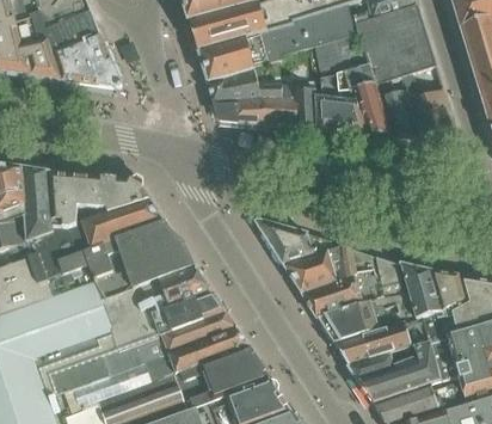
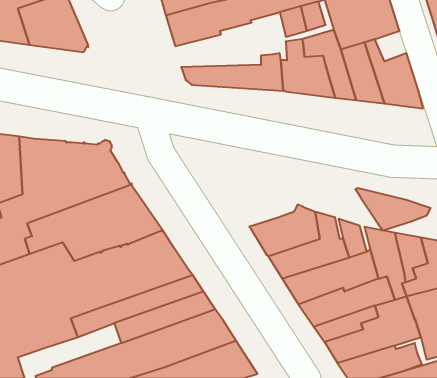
building: [208,68,307,102] -> none
building: [256,221,332,264] -> [355,188,431,230]
building: [75,362,153,407] -> none

